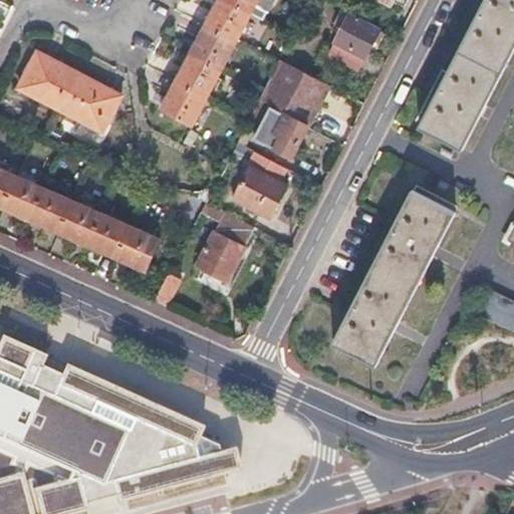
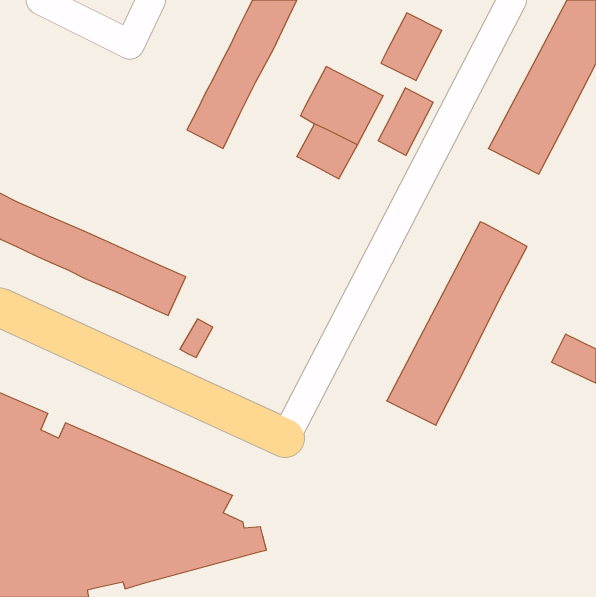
building: [15,53,117,134] -> none
building: none -> [378,88,433,155]
building: [231,151,289,215] -> none
building: [195,202,255,284] -> none

